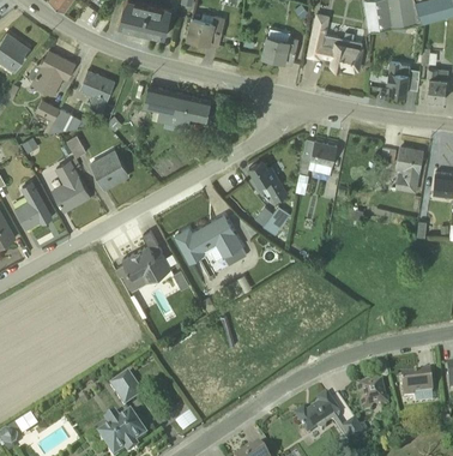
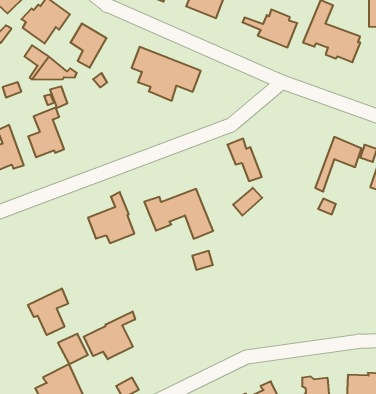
building: [297,139,337,194] -> [315,137,362,192]
building: [90,150,129,188] -> none
building: none -> [28,288,68,335]
building: none -> [84,311,135,359]

